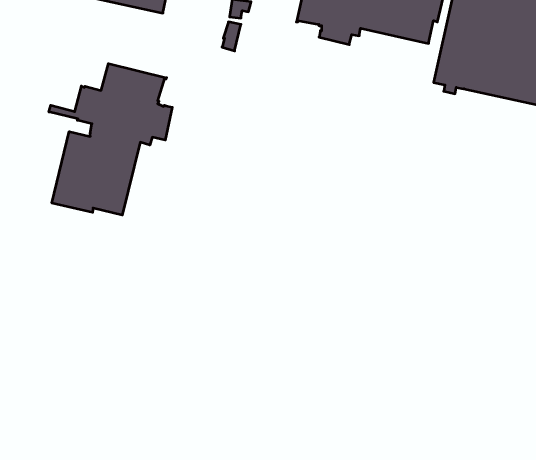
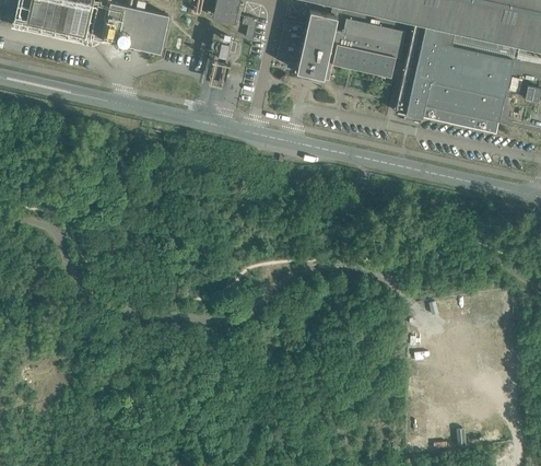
building: [49,64,172,215] -> none

